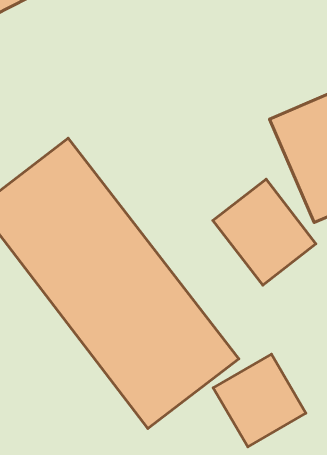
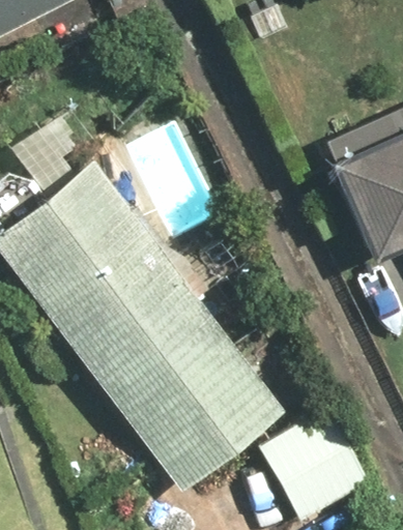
building: [213,179,316,285] -> none

